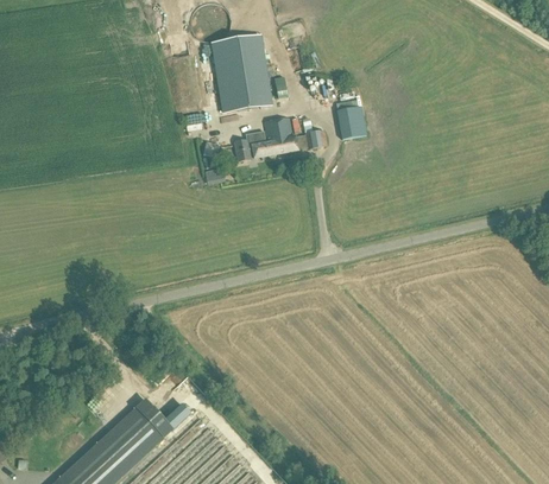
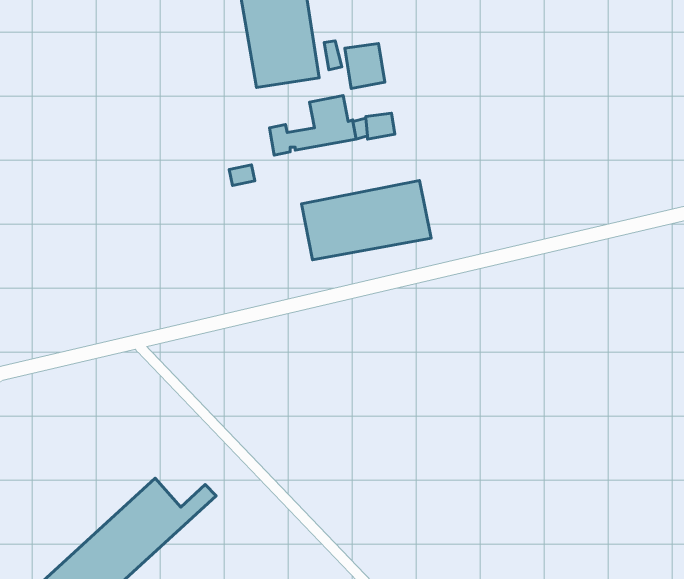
building: [335,104,365,138] -> [345,43,385,88]
building: none -> [302,181,431,260]

